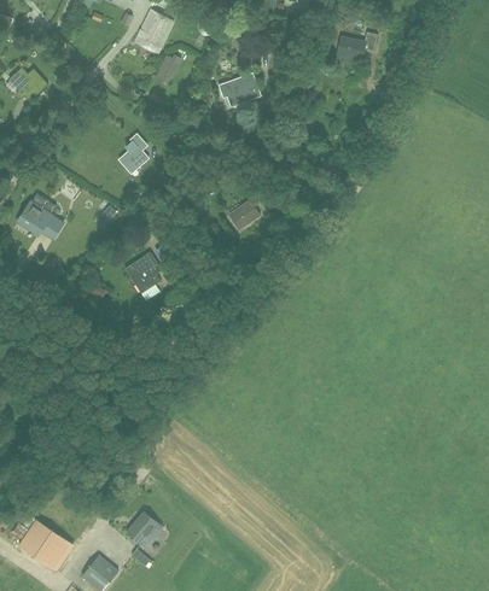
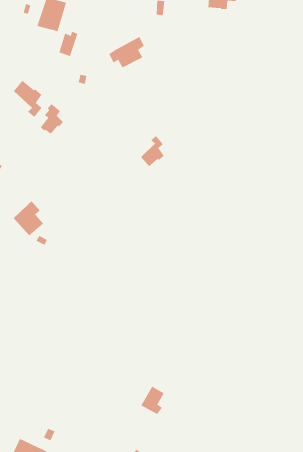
building: none -> [13,80,42,118]
building: [124,252,159,293] -> [13,201,44,236]
building: [126,511,156,546] -> [141,386,164,415]

